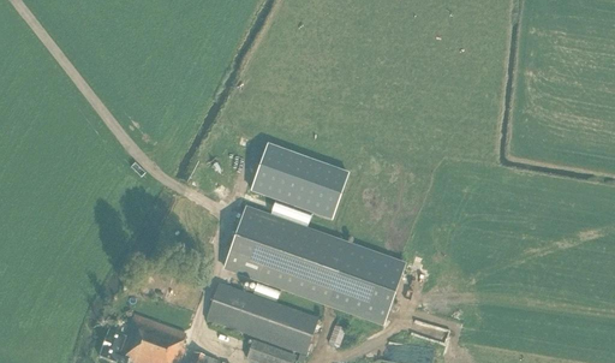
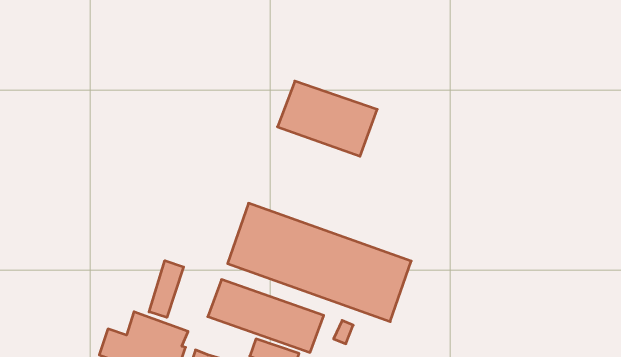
building: [251,145,348,219] -> [277,81,377,156]
building: none -> [149,261,184,317]

